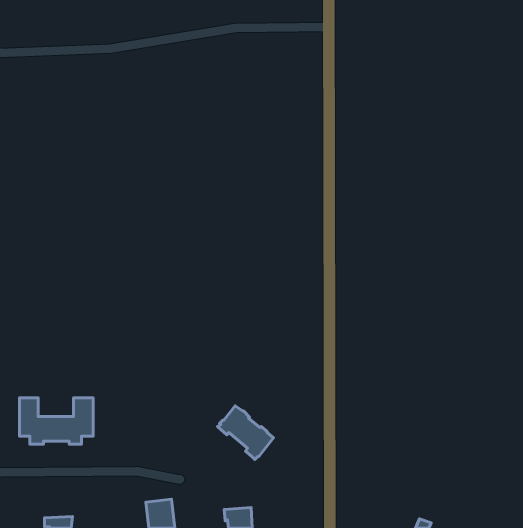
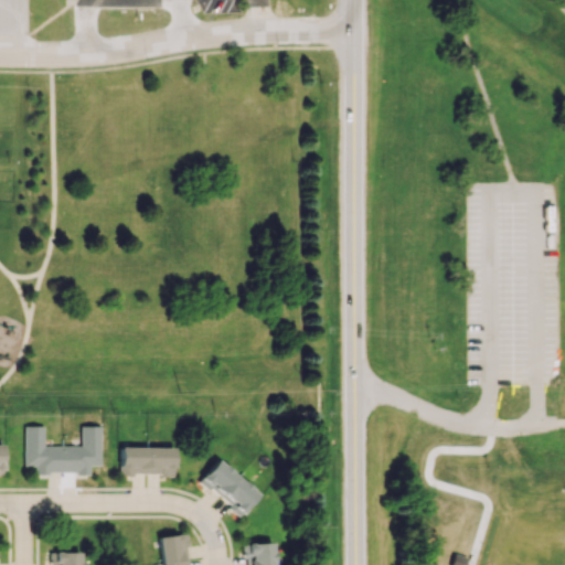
building: [218,406,273,460] -> [201,459,260,516]
building: none -> [122,447,177,476]

